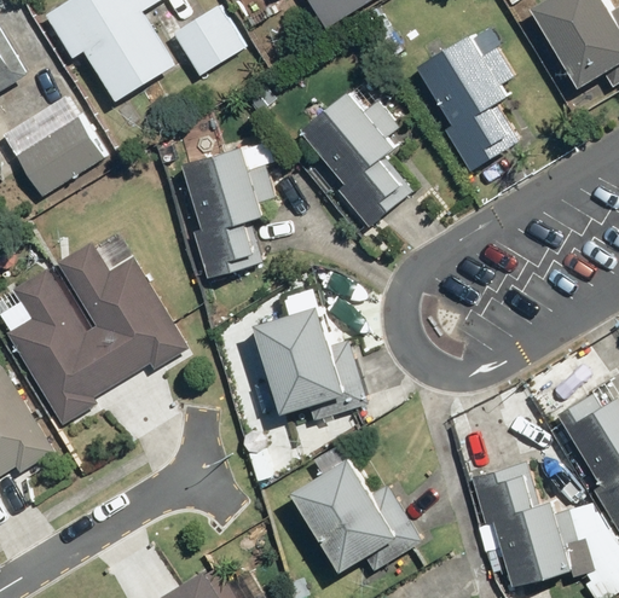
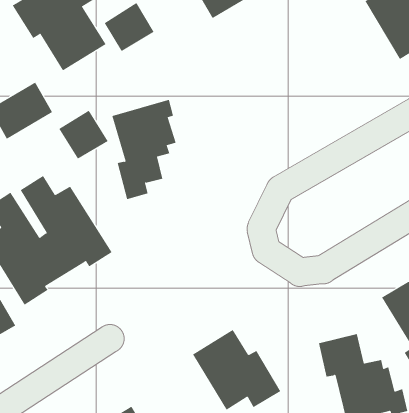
building: [416,28,516,173] -> none
building: [300,91,412,228] -> none
building: none -> [59,110,109,160]
building: [256,290,346,411] -> none

